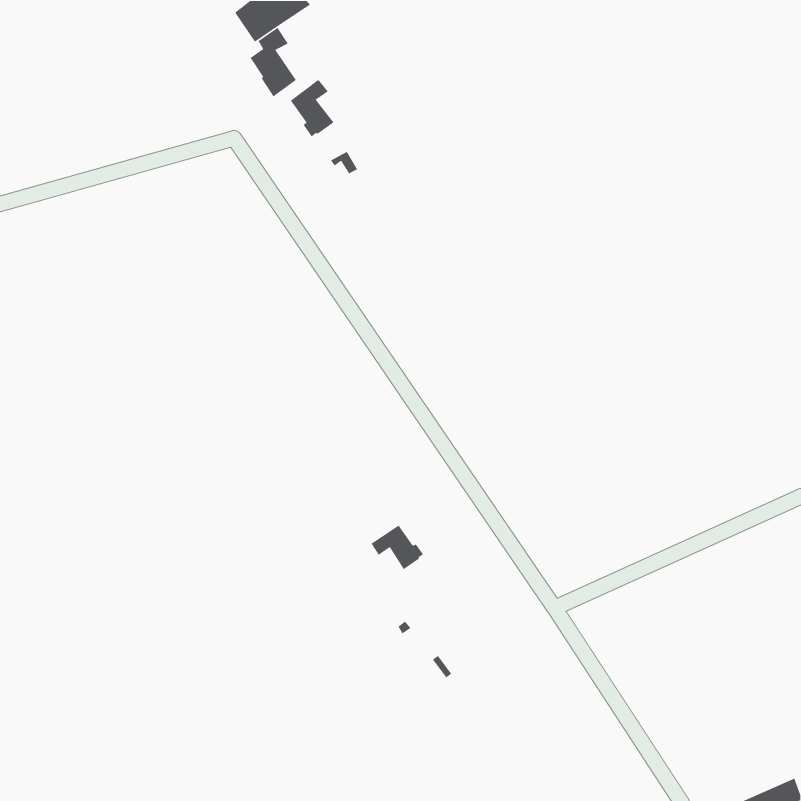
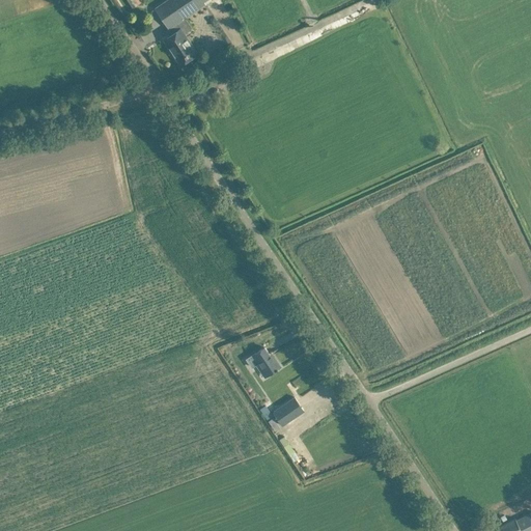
building: [290,79,334,137] -> none
building: none -> [273,398,303,426]

